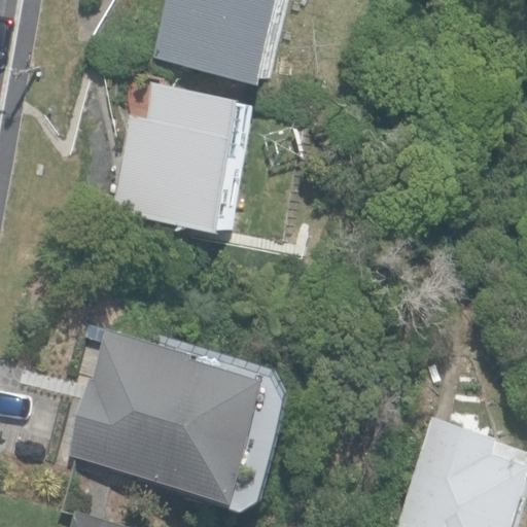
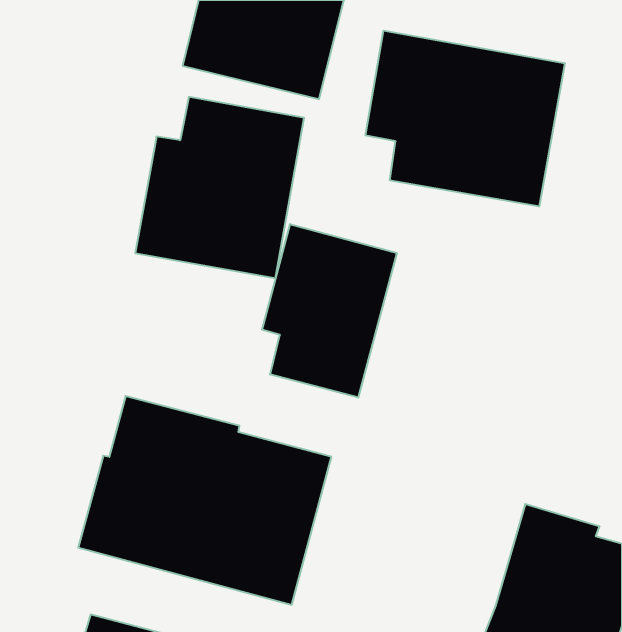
building: none -> [365,31,565,207]
building: none -> [262,224,397,398]

